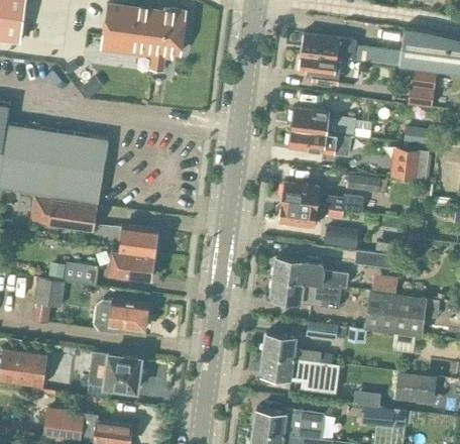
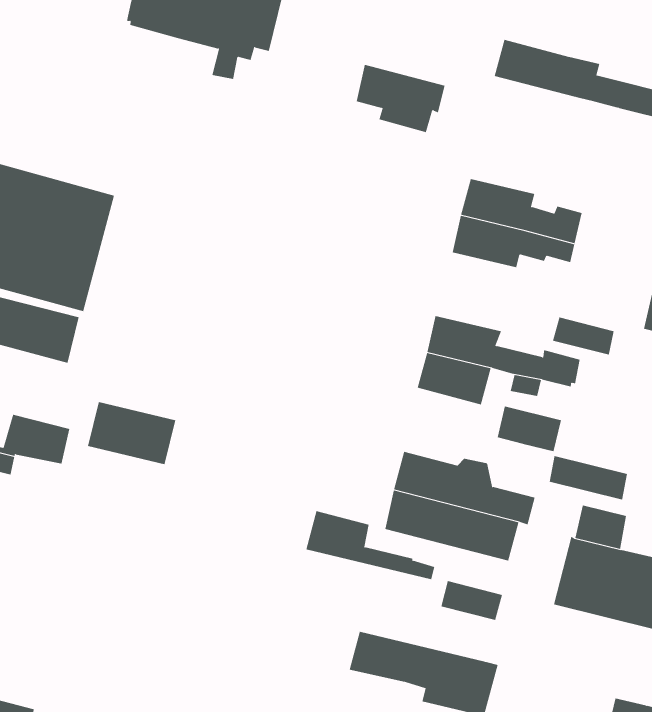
building: [298,53,344,86] -> [356,64,446,133]
building: [111,227,156,255] -> none
building: [93,302,146,334] -> none
building: [263,334,333,363] -> [306,511,435,580]
building: [88,352,140,391] -> none

